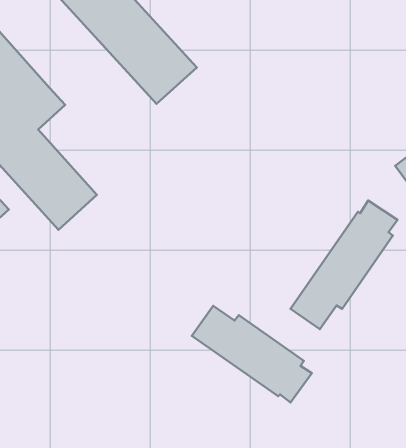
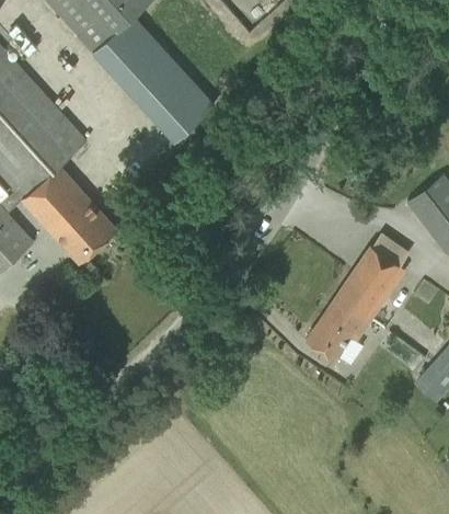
building: [192,306,312,402] -> none

